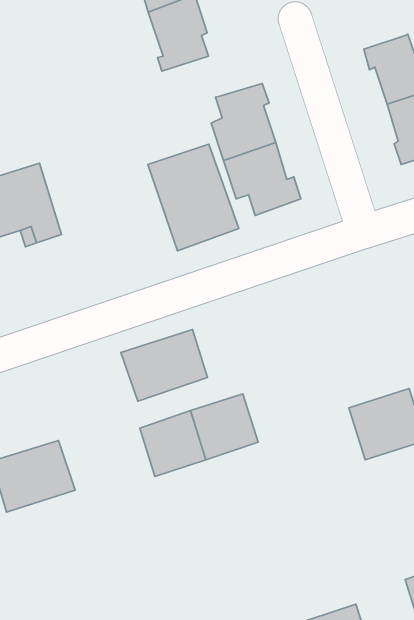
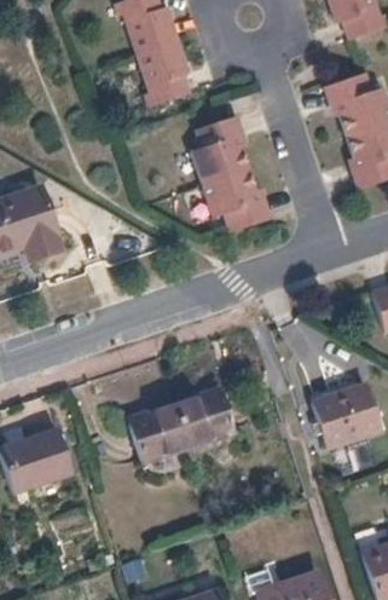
building: [148,144,239,251] -> none
building: [121,329,208,401] -> none

